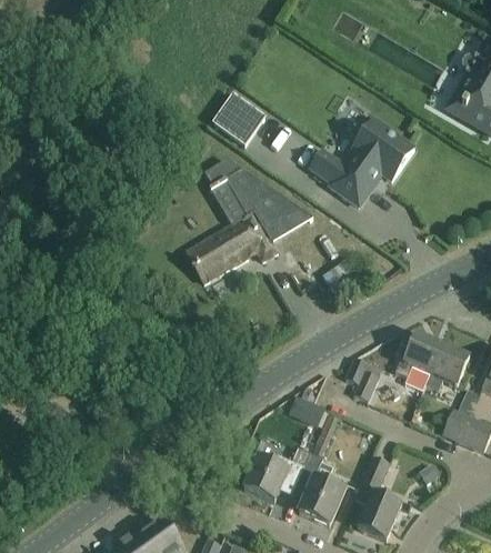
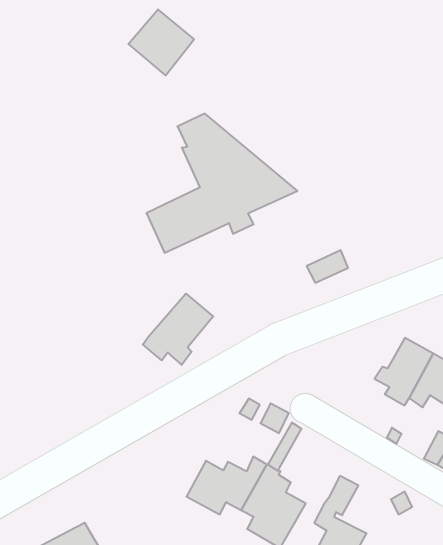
building: [214,88,270,143] -> [128,9,194,75]
building: [310,118,414,205] -> none
building: none -> [143,294,213,365]
building: [345,358,378,401] -> none

